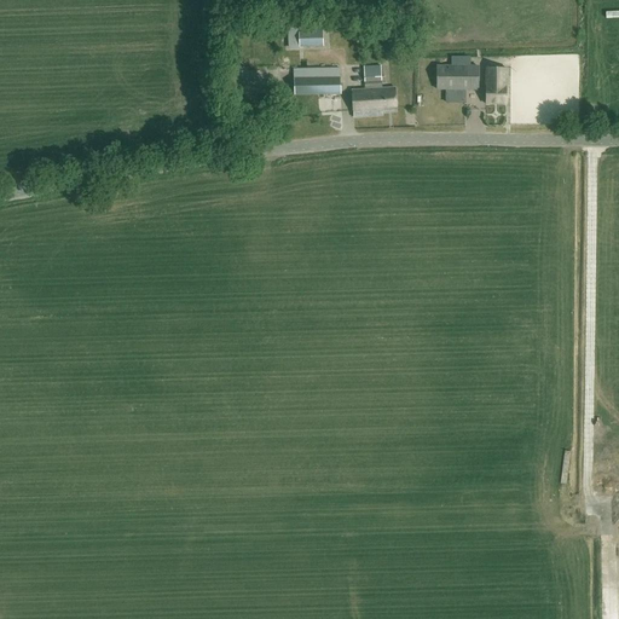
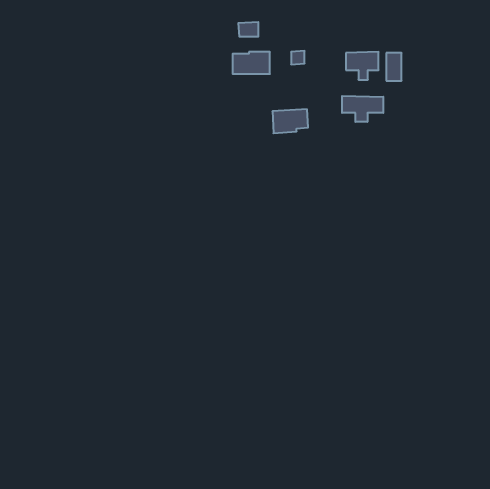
building: [351,86,395,116] -> [272,109,308,133]
building: none -> [342,96,383,122]

